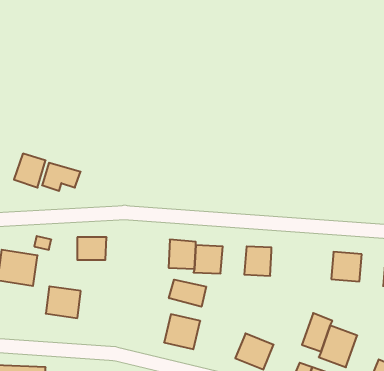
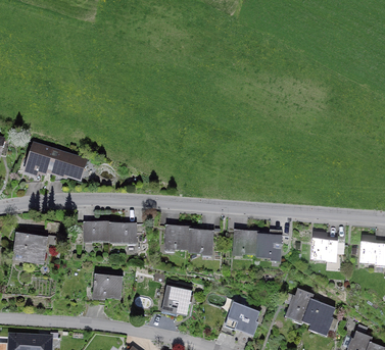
building: none -> [108,219,138,243]
building: none -> [256,232,283,258]
building: [169,280,206,307] -> none
building: [46,286,81,318] -> [93,278,125,306]

